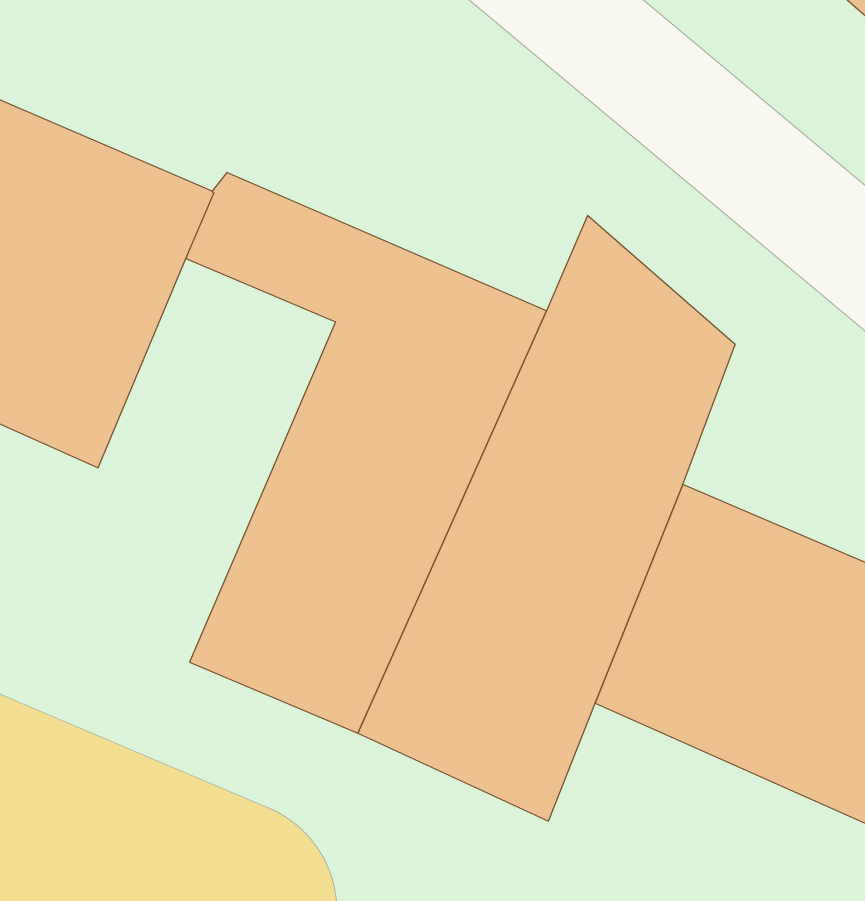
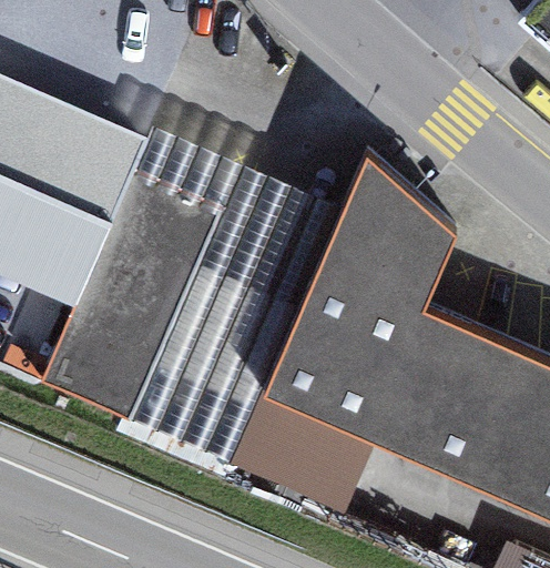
building: none -> [45,178,218,417]

